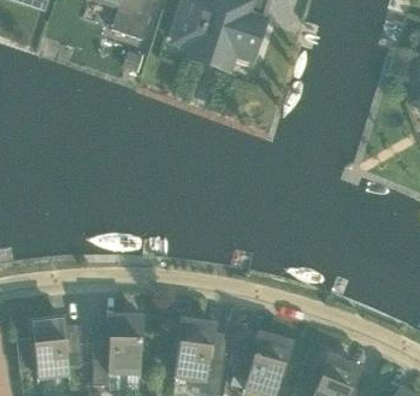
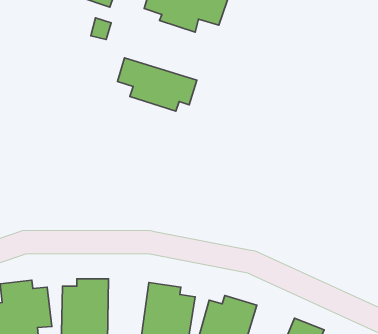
building: none -> [118,58,197,111]

